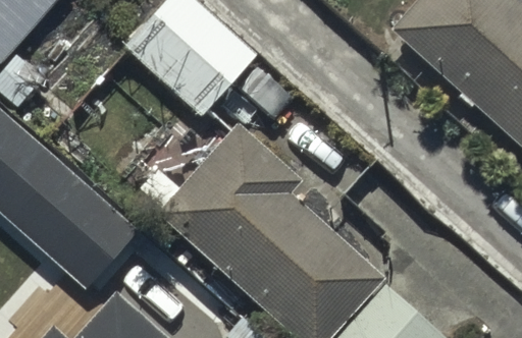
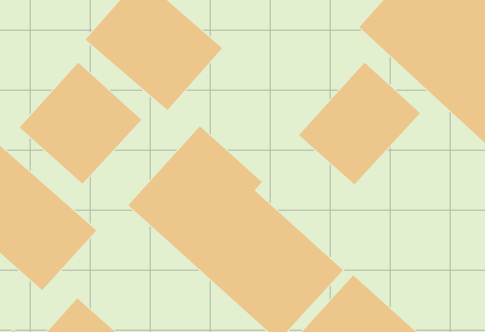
building: none -> [298,62,421,185]
building: none -> [19,62,142,184]

